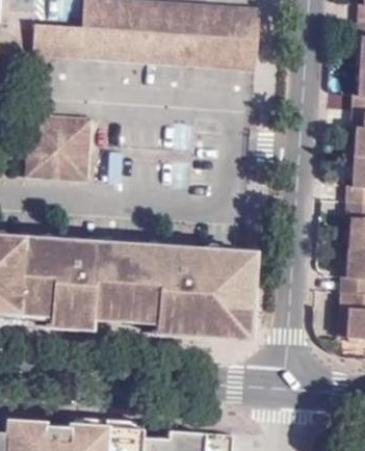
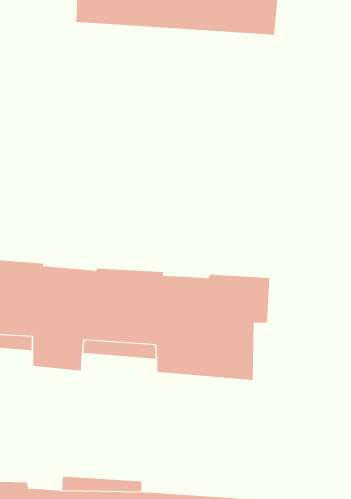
building: [40,22,263,65] -> none
building: [32,111,97,177] -> none

